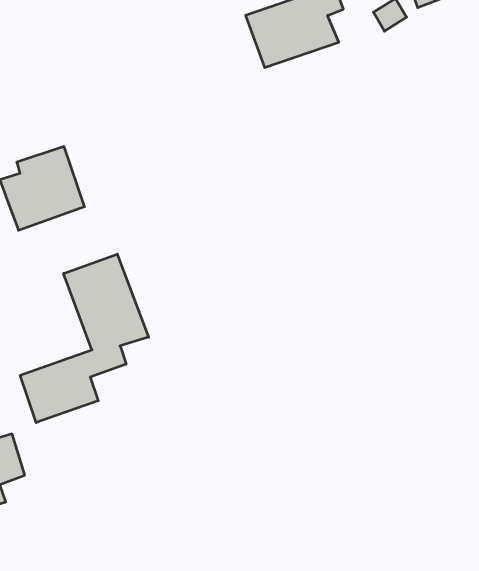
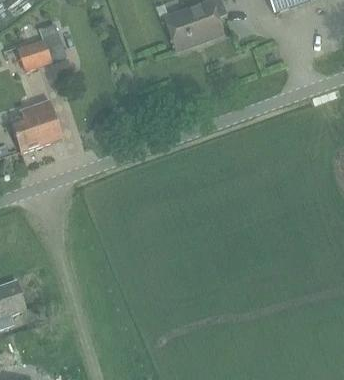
building: none -> [17,23,65,70]
building: [20,254,149,423] -> none

